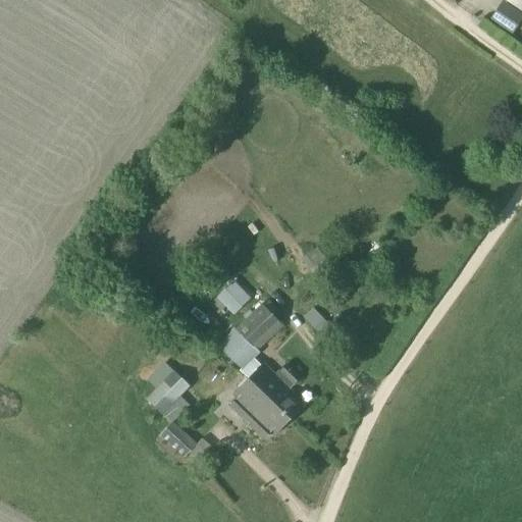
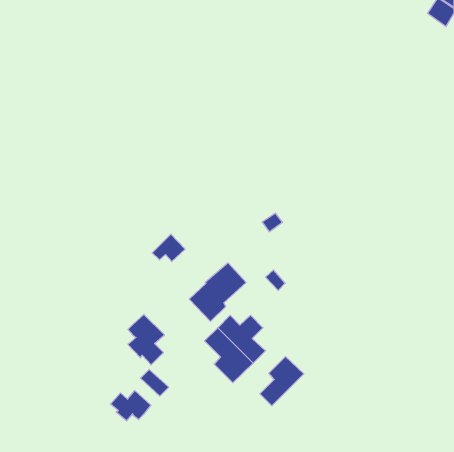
building: [210,281,248,313] -> [152,234,185,262]
building: none -> [260,357,304,406]
building: none -> [110,391,151,421]

